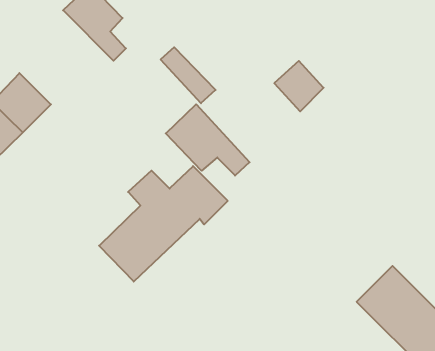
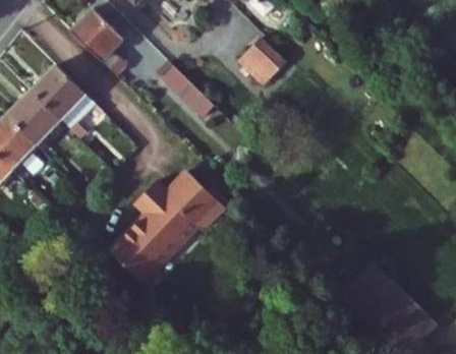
building: none -> [33,65,97,130]
building: [274,61,324,111] -> [242,43,287,88]
building: [166,104,250,176] -> none

